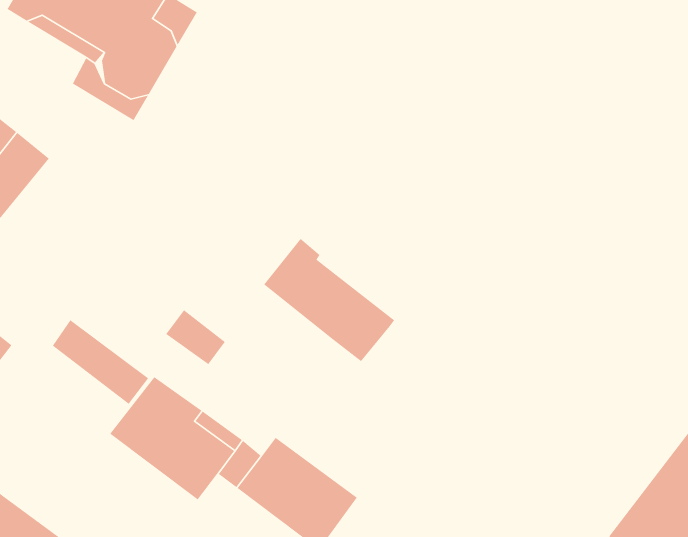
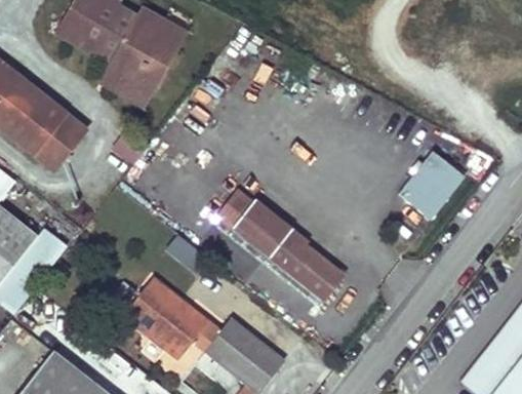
building: none -> [394,149,465,220]
building: [52,319,149,405] -> none
building: none -> [291,244,348,298]

